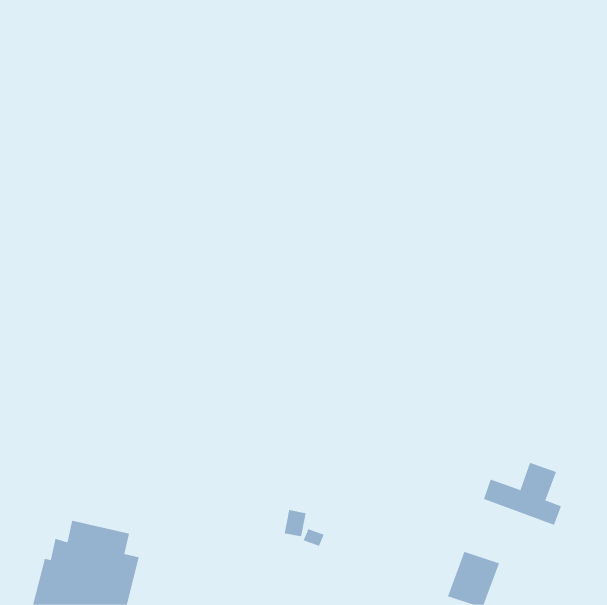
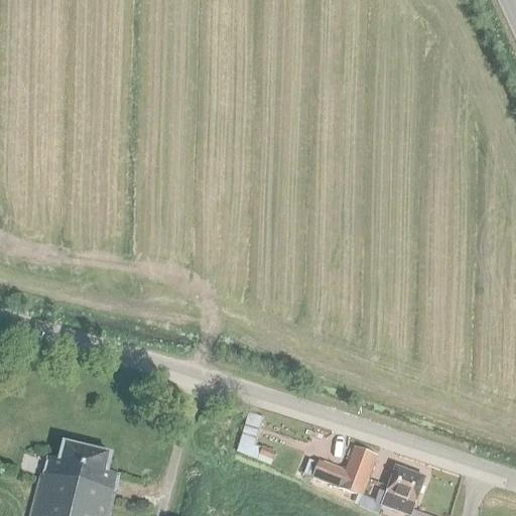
building: [483,462,562,525] -> [312,445,379,499]

